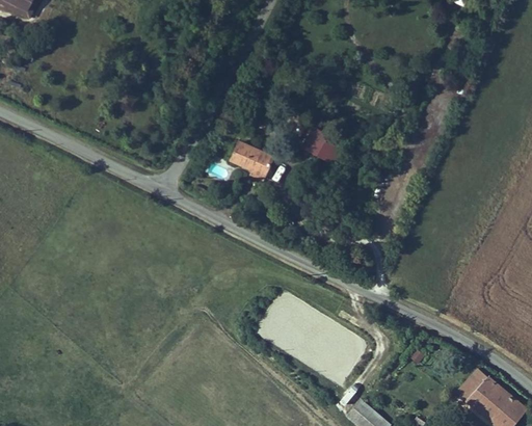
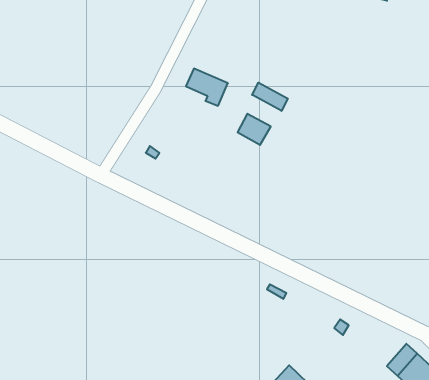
building: none -> [252,83,288,111]
building: [229,138,273,178] -> [186,69,228,106]

